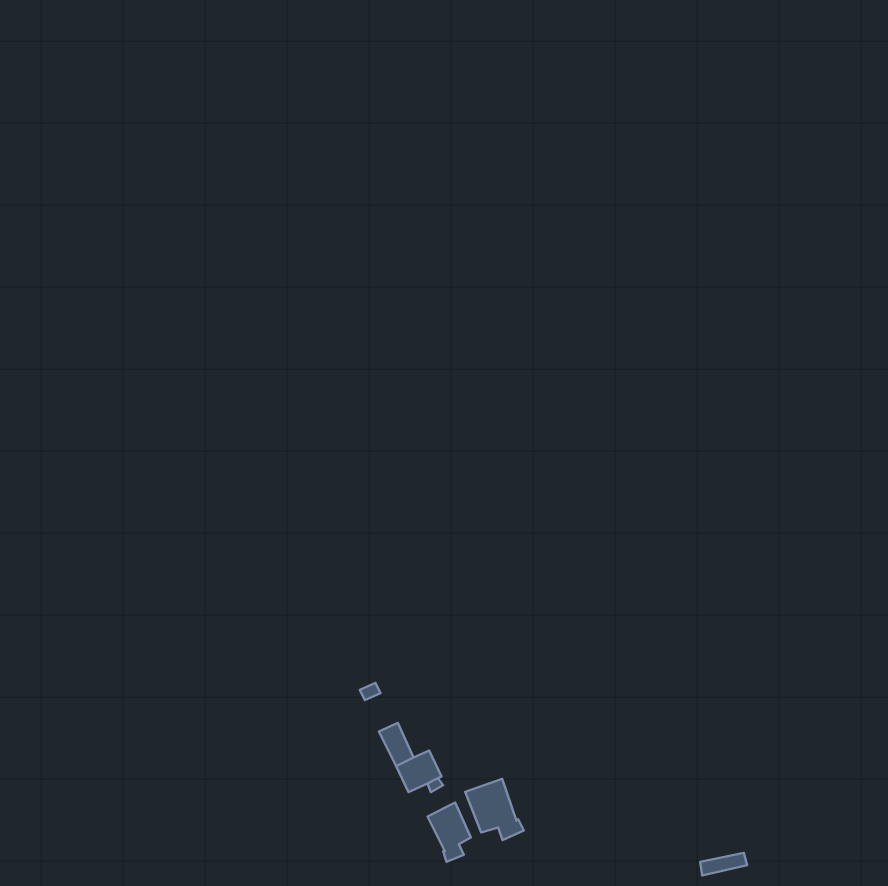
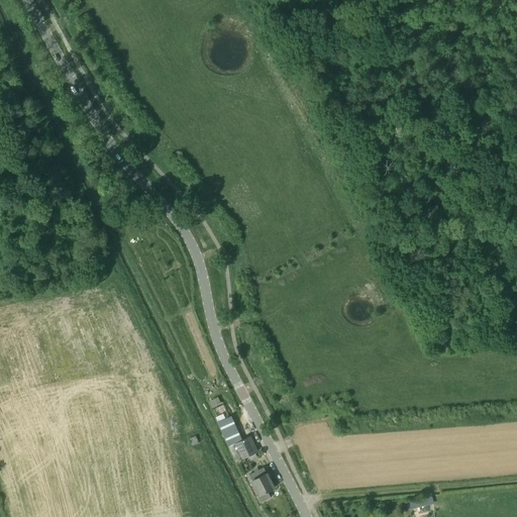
building: [465,779,524,840] -> none

